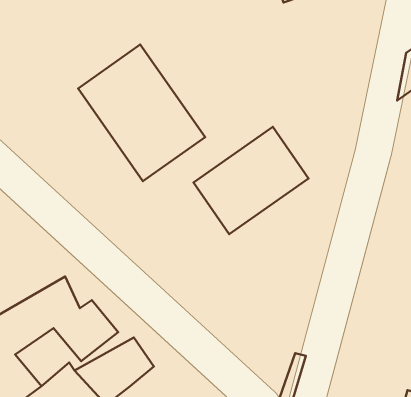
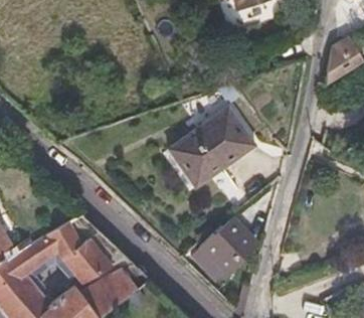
building: [78,44,205,181] -> none
building: none -> [189,217,258,283]

